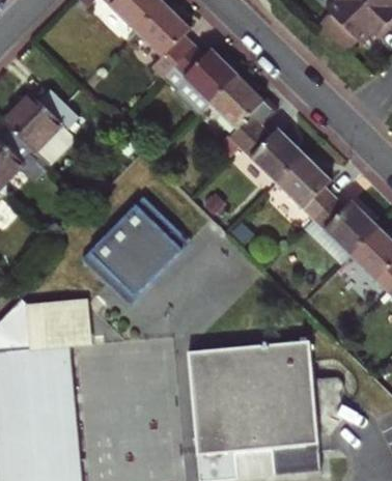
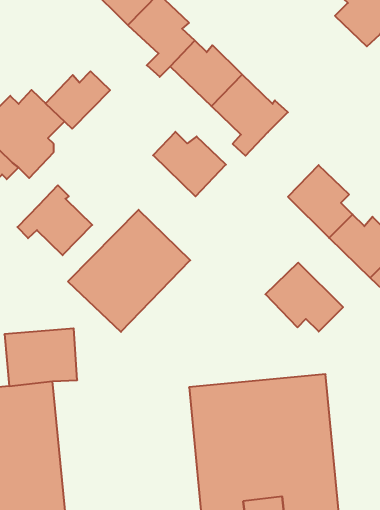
building: none -> [45,71,110,129]
building: [239,125,303,182] -> [153,132,226,196]
building: none -> [17,185,92,255]
building: none -> [265,263,343,332]

